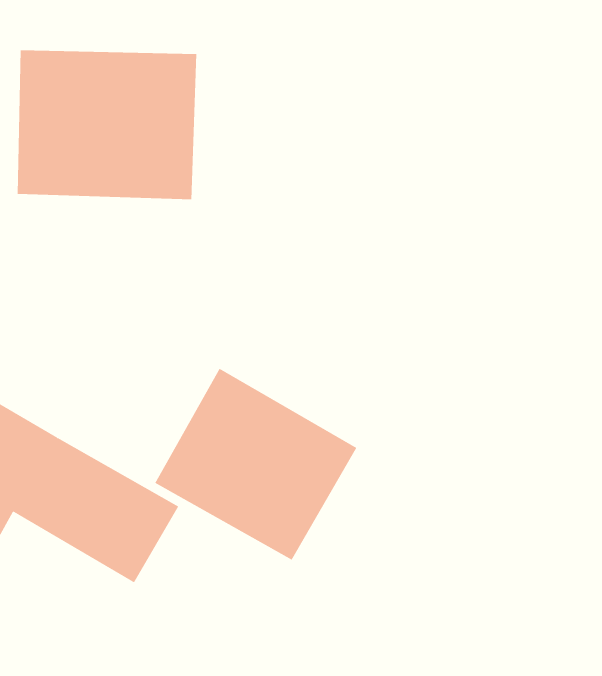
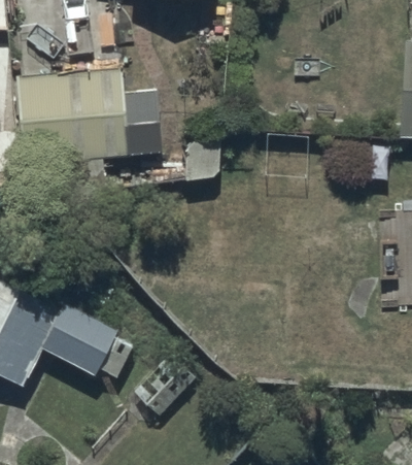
building: [155,368,357,561] -> none

